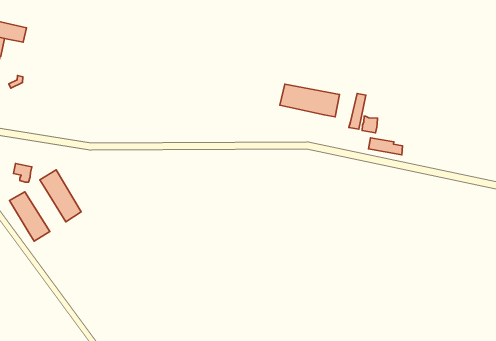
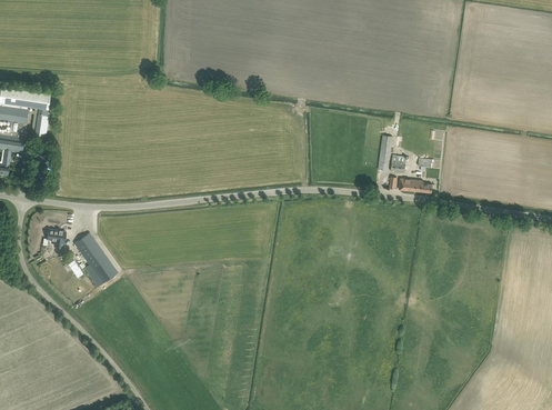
building: [280,84,340,117] -> none
building: [9,192,50,241] -> none

